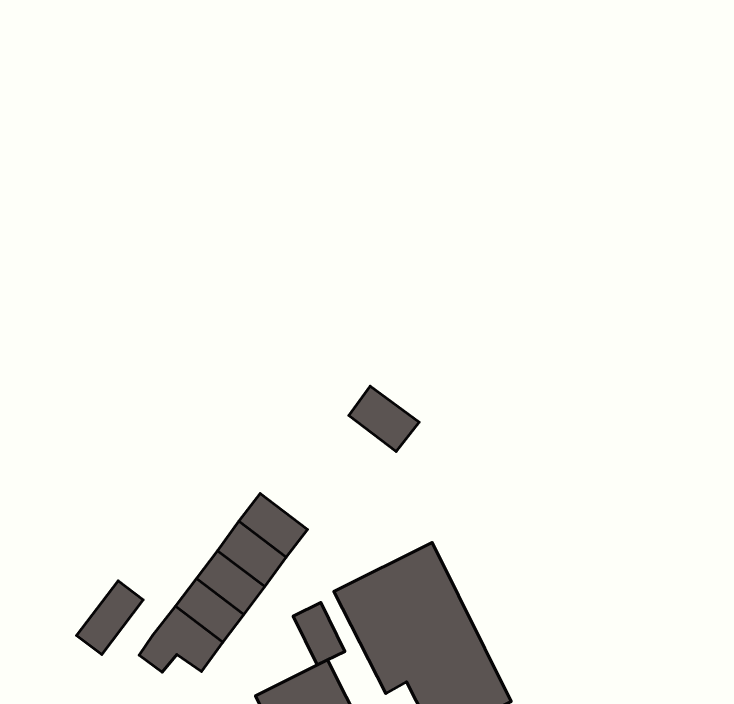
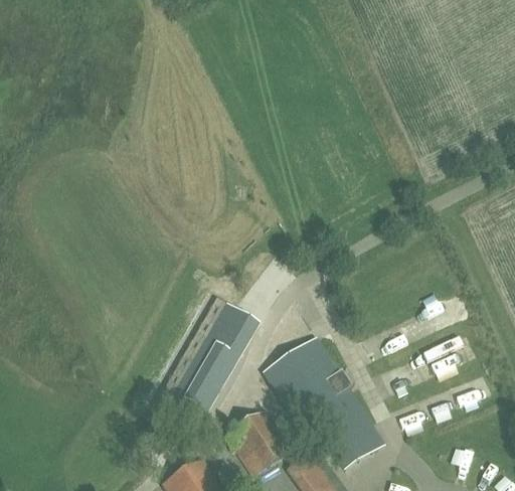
building: [349,386,419,451] -> [217,303,258,338]
building: [76,581,143,655] -> none
building: [293,603,345,665] -> none

